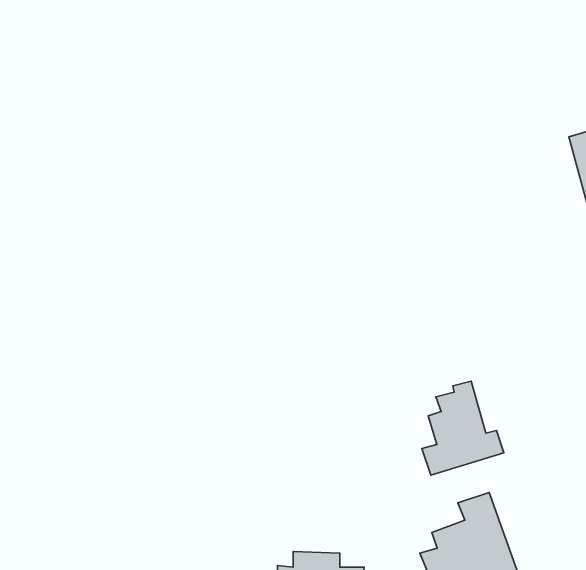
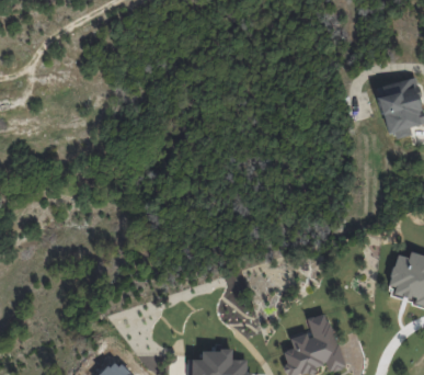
building: [422,381,504,475] -> none

